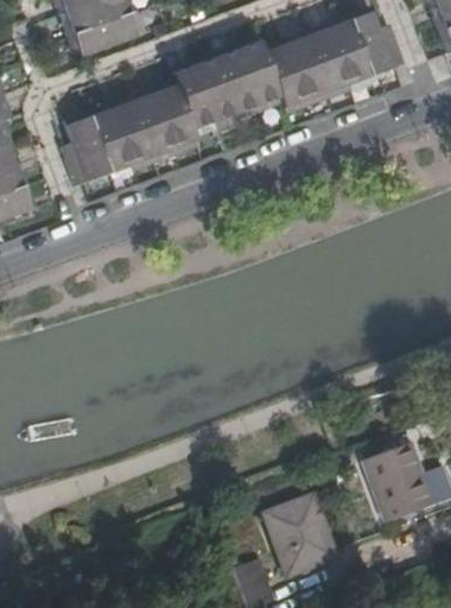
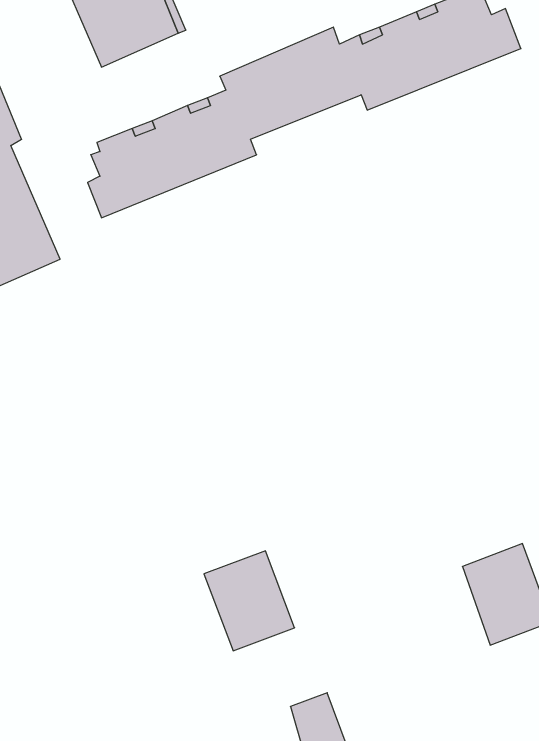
building: [260,492,330,569] -> [204,551,295,651]

